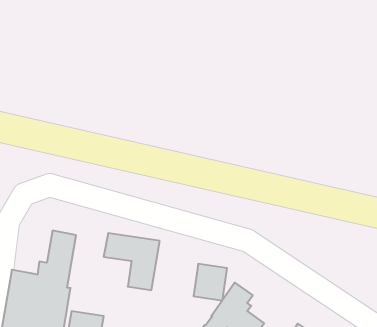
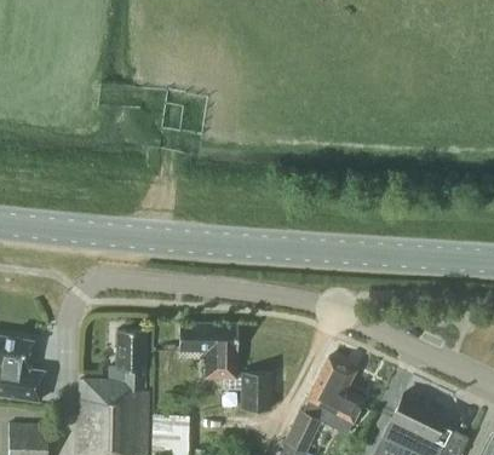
building: [193,264,227,300] -> [239,373,271,409]

